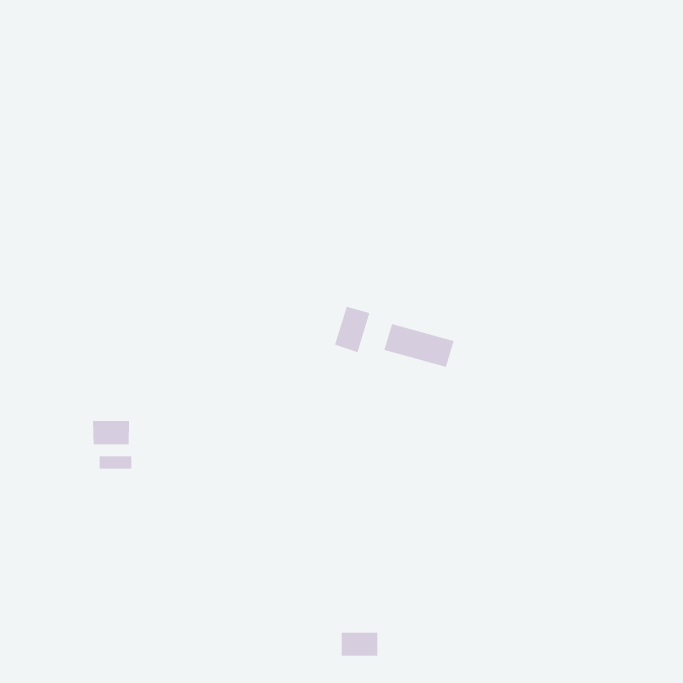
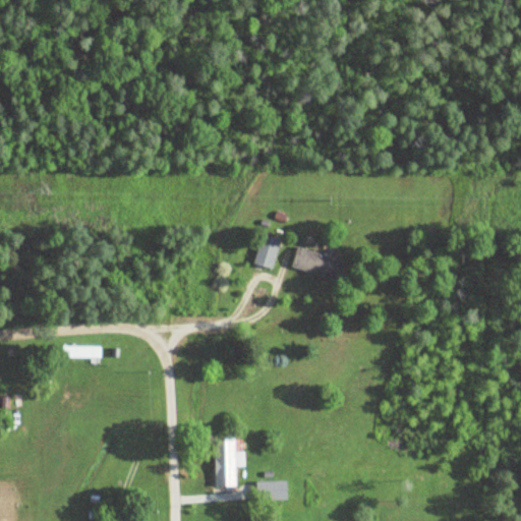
building: [93,420,129,445] -> none
building: none -> [216,437,236,485]

